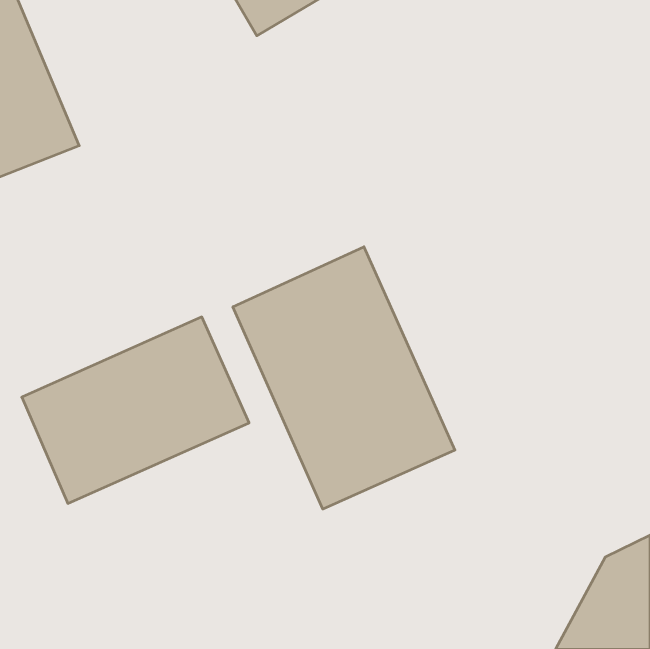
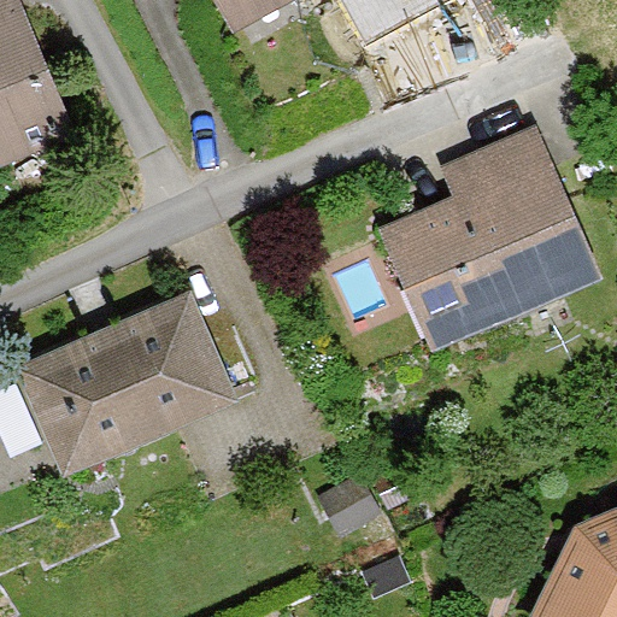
building: none -> [388,130,590,336]
building: [233,247,455,509] -> none

